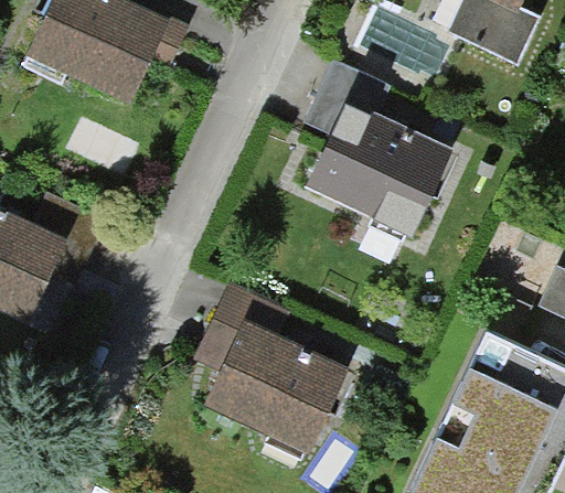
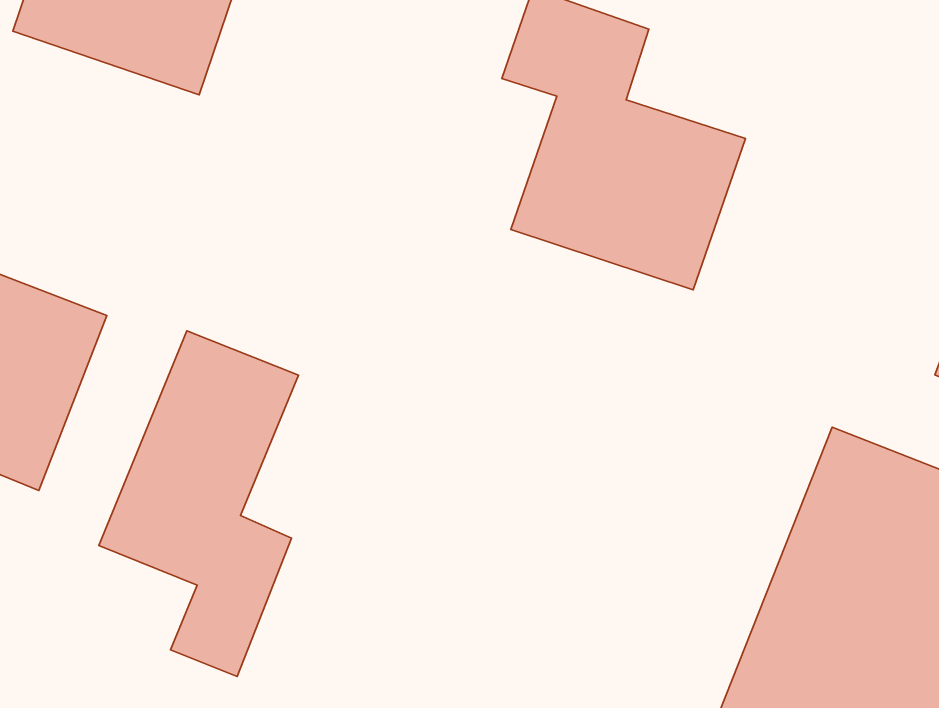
building: none -> [99,331,299,676]
building: [204,281,345,458] -> none

